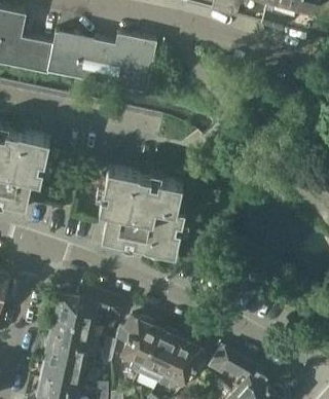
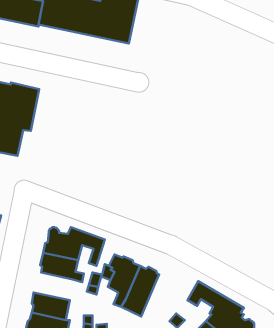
building: [99,168,185,260] -> none
building: [43,337,96,367] -> none
building: [159,339,206,389] -> none

